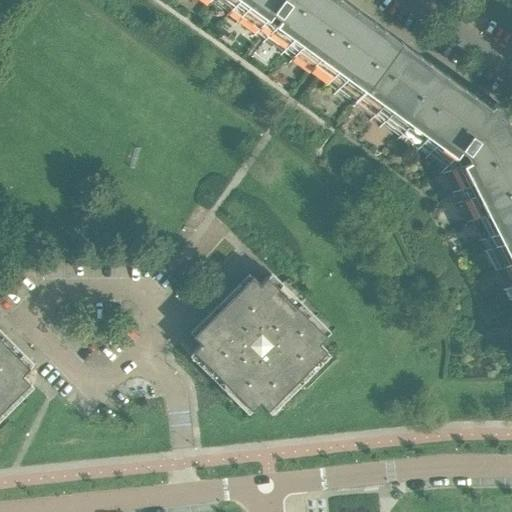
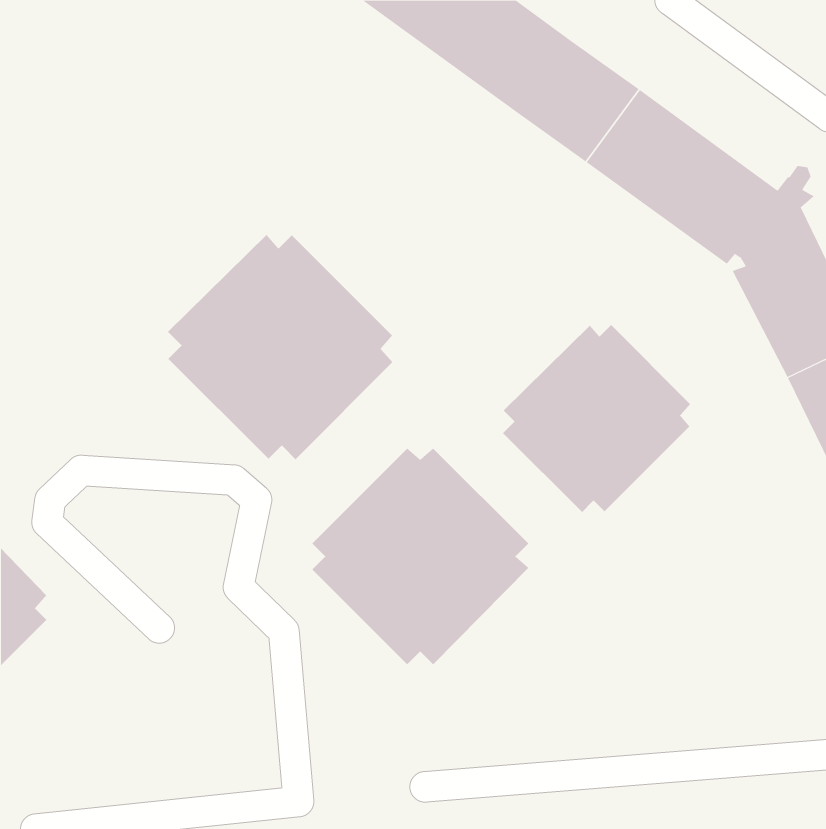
building: none -> [167,234,393,460]
building: none -> [502,324,691,513]

